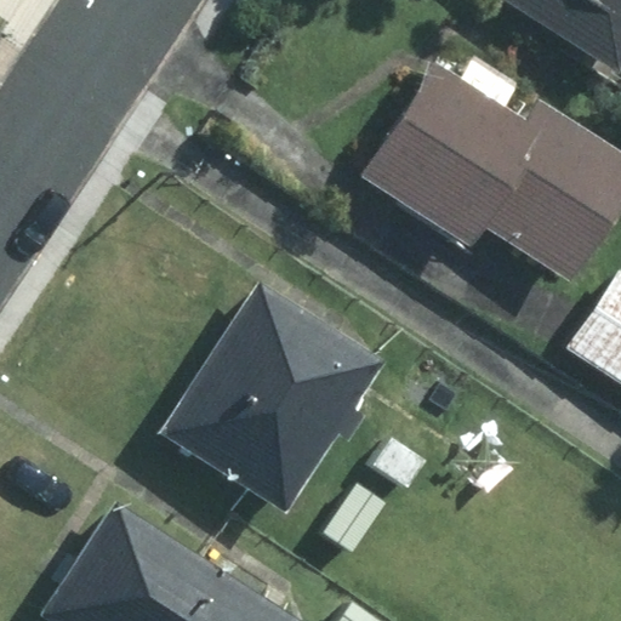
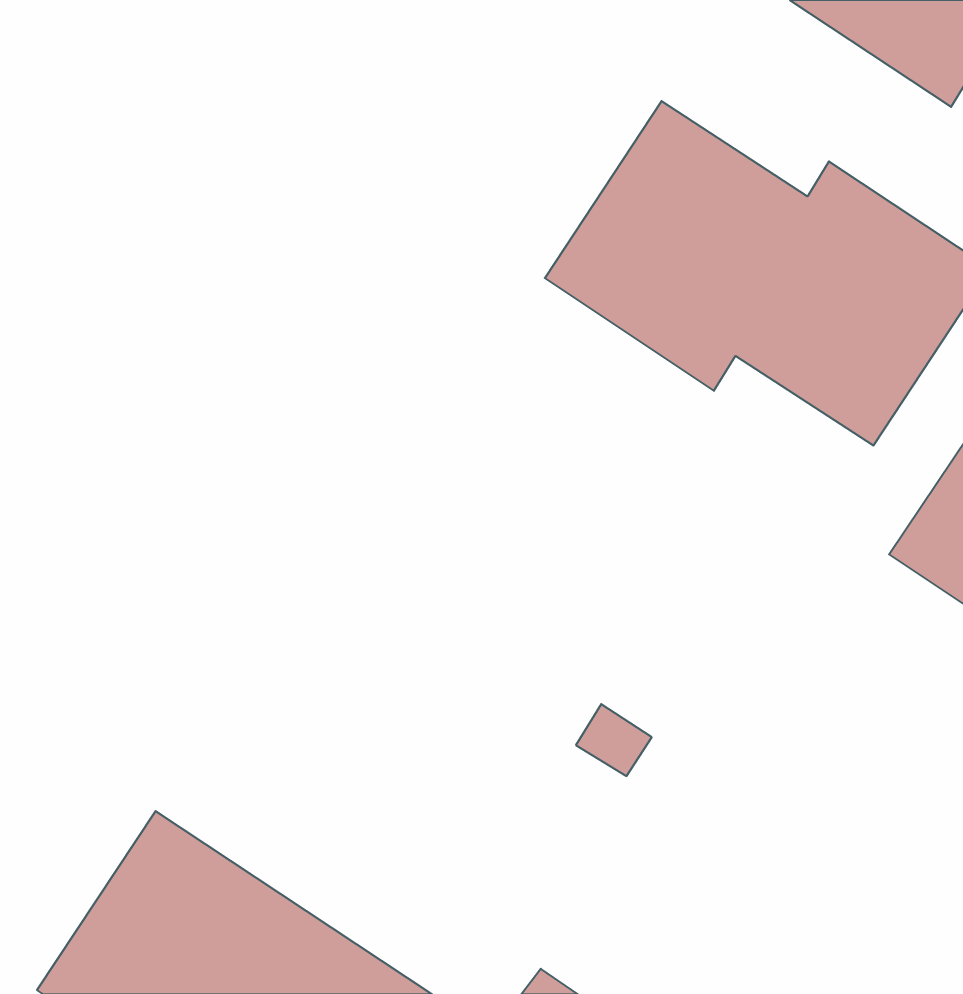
building: [164,284,377,507] -> none

